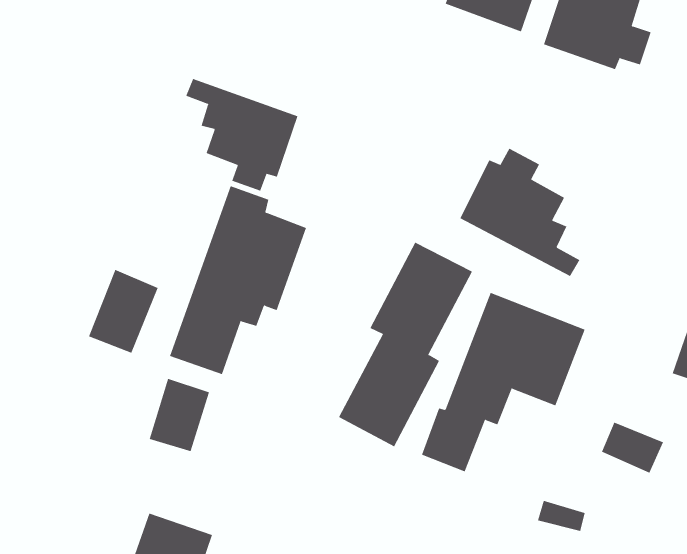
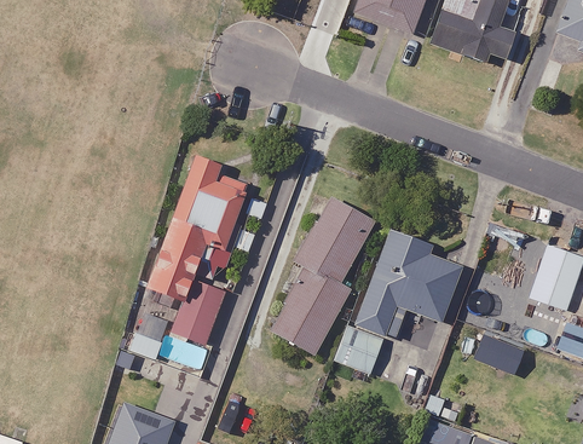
building: [186,78,298,192] -> none
building: [460,148,580,277] -> none
building: [88,269,159,354] -> [171,278,225,344]

